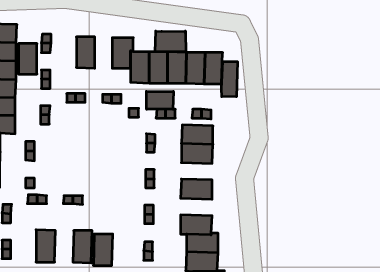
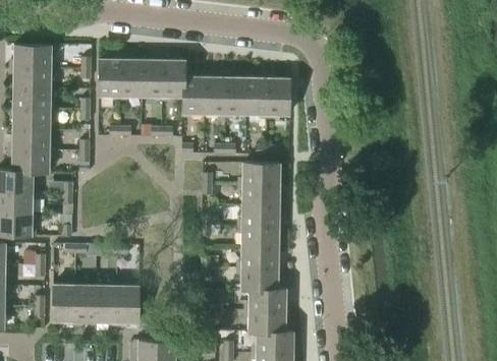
building: [155,31,186,52] -> none
building: none -> [143,60,163,97]
building: [19,44,37,74] -> [100,60,121,96]
building: [221,62,237,97] -> none
building: [146,91,173,109] -> none
building: none -> [243,206,279,227]
building: none -> [242,248,279,268]
building: none -> [53,285,74,322]
building: [93,234,113,265] -> [96,286,118,322]

